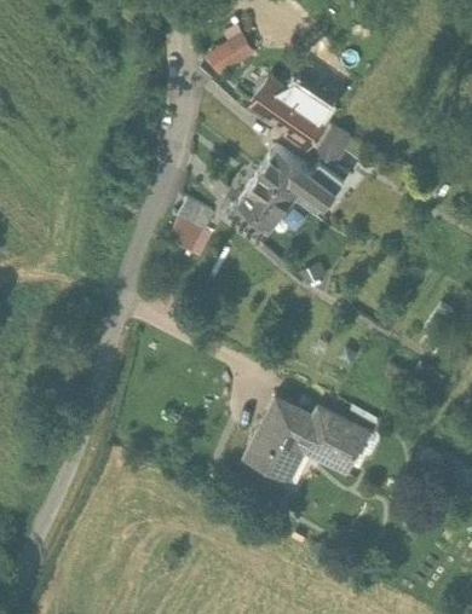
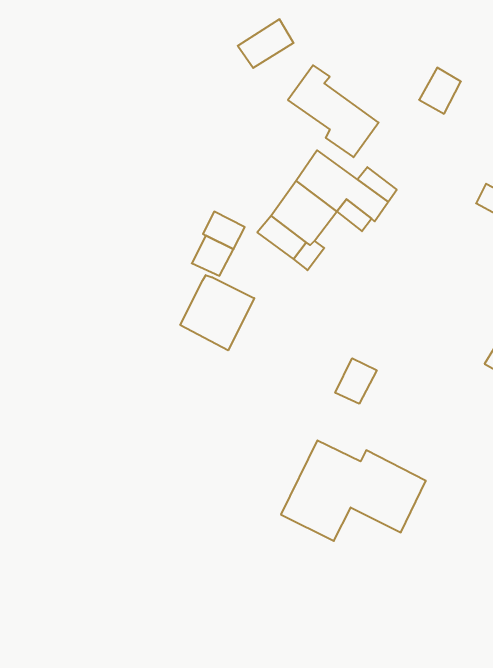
building: [317,123,353,163] -> [419,68,461,114]
building: none -> [180,275,254,350]
building: none -> [335,358,377,404]

